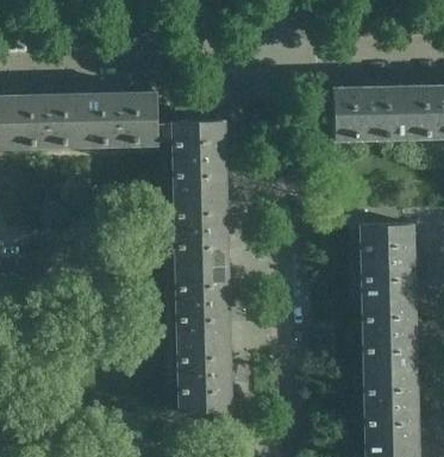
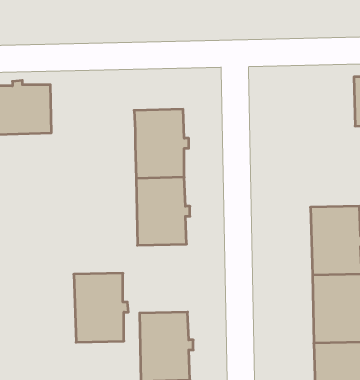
building: [333,83,407,140] -> none
building: [82,89,173,146] -> none
building: [175,265,233,339] -> [74,273,128,342]

